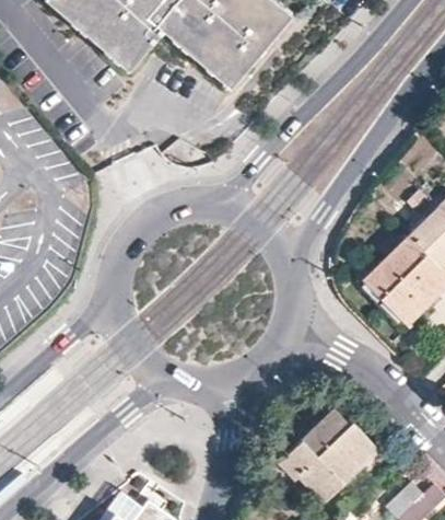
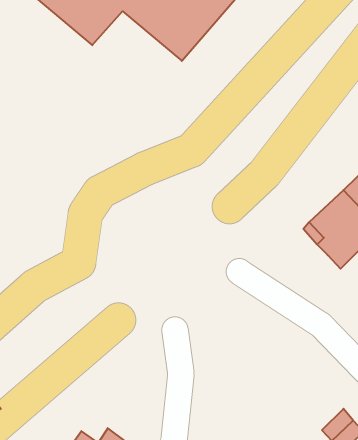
building: [279,408,378,501] -> none

